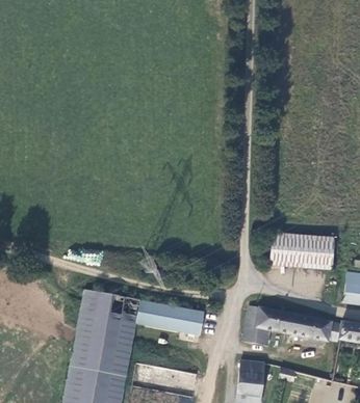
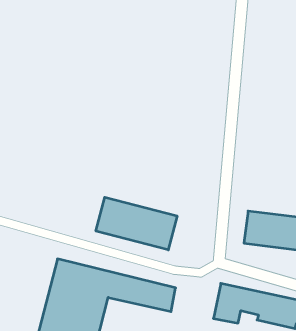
building: none -> [96,197,177,250]

